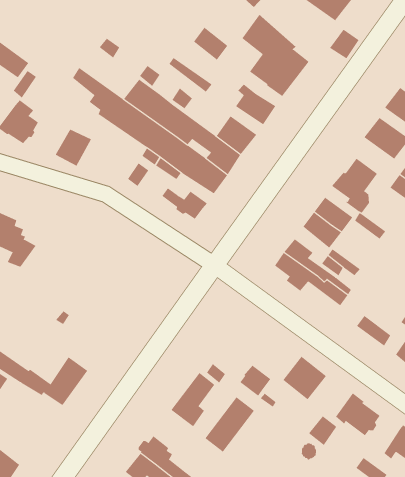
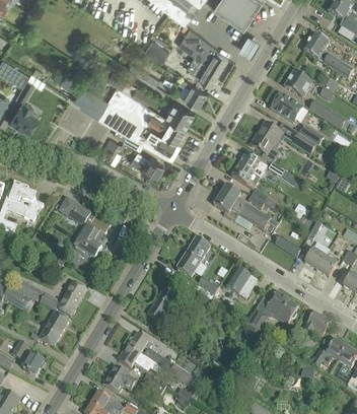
building: none -> [60,199,111,258]
building: [204,397,255,453] -> [176,236,211,277]
building: none -> [40,312,69,347]

